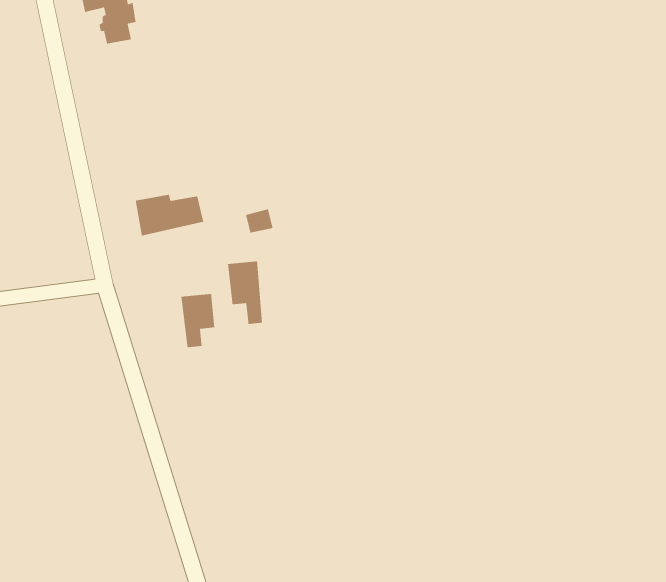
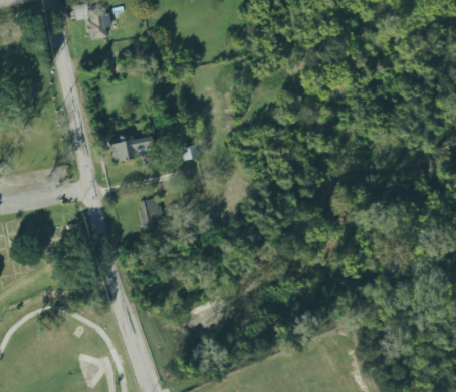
building: [227,260,263,325] -> none

